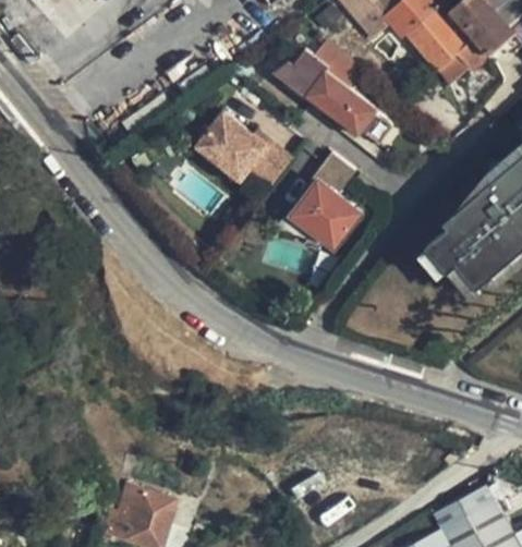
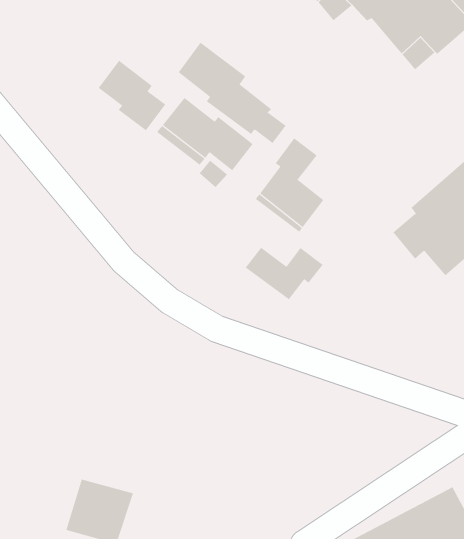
building: [284,45,390,144] -> [178,42,286,144]
building: none -> [98,60,166,131]
building: none -> [245,247,324,300]

